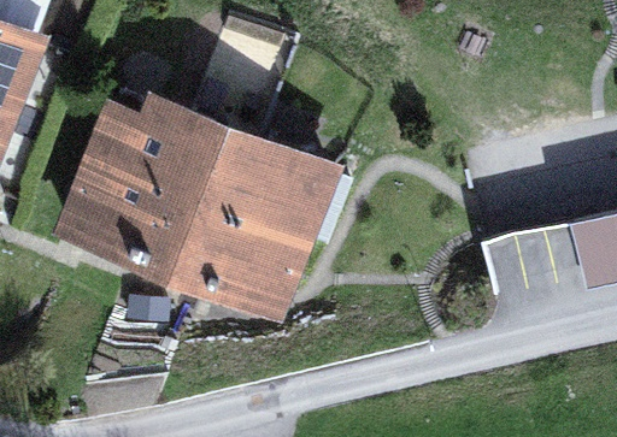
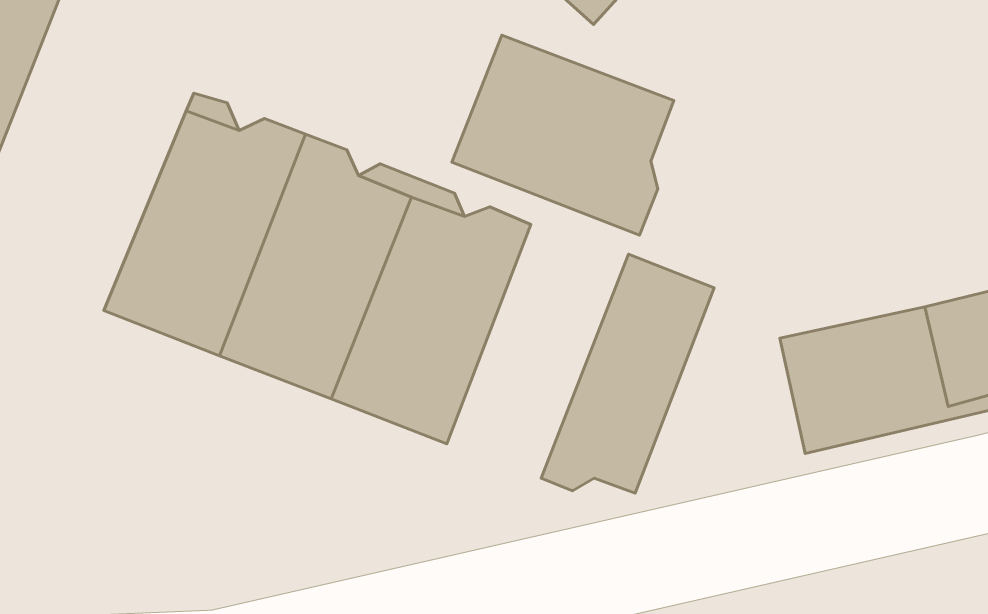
building: none -> [452,35,674,235]
building: none -> [541,254,714,493]

